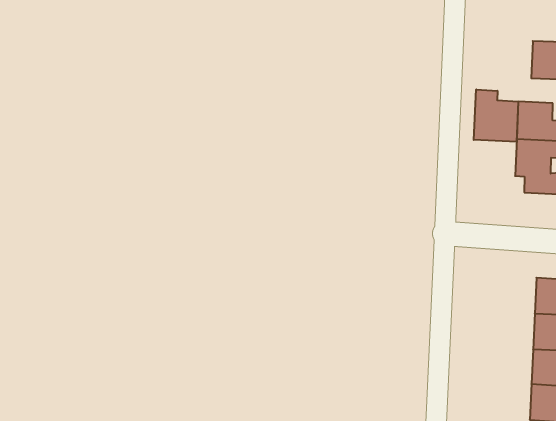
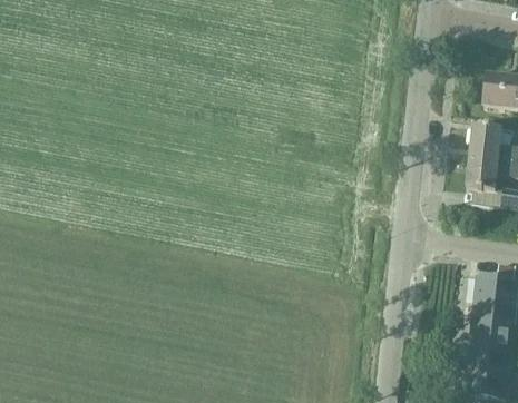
building: [474,89,518,142] -> none

